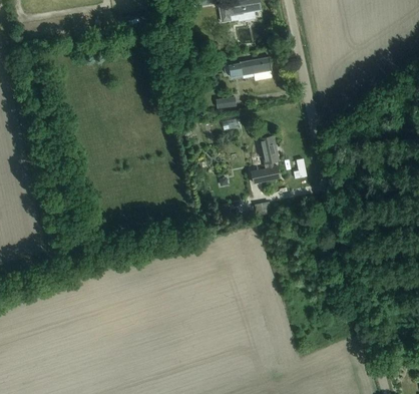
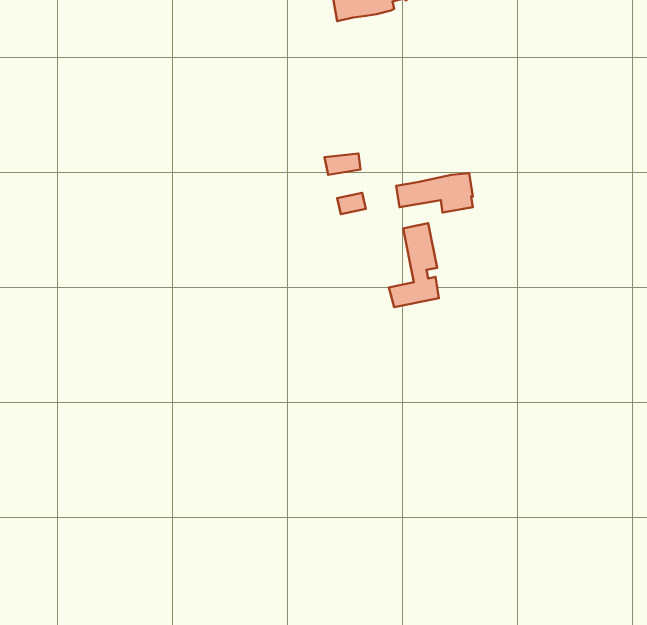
building: [228,56,271,78] -> [396,173,473,213]

